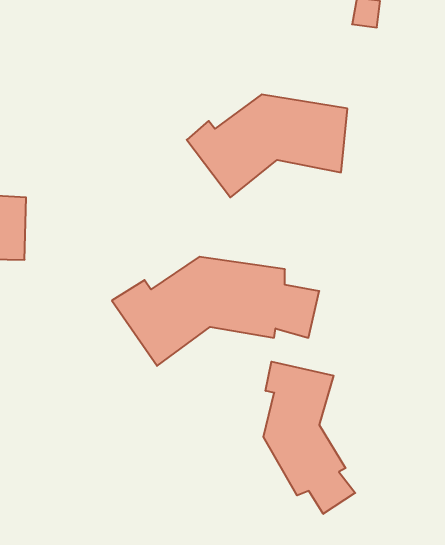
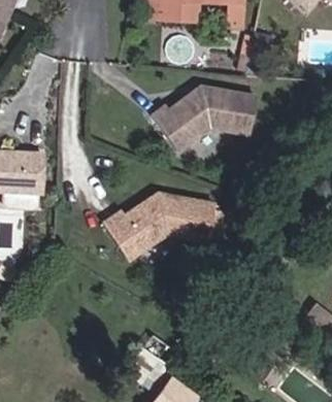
building: [263,362,355,514] -> none

